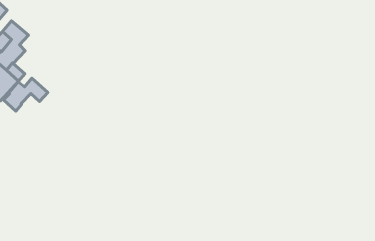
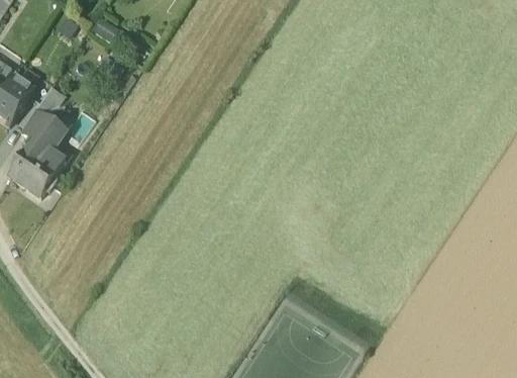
building: [4,78,48,111] -> none

